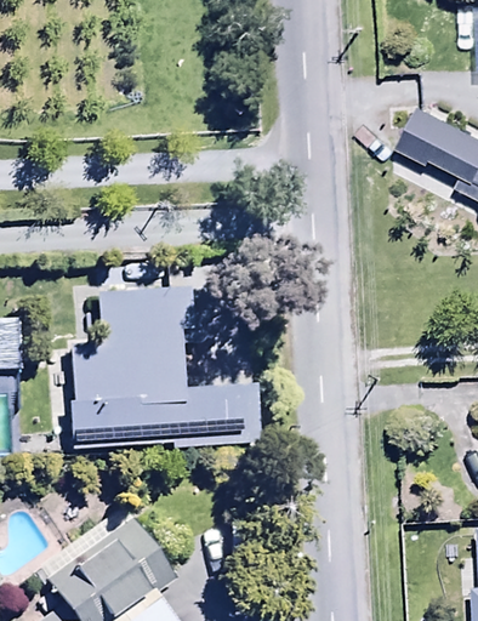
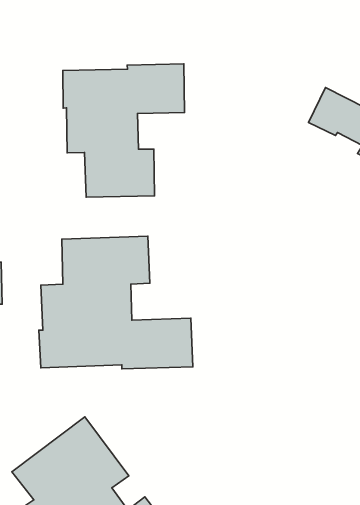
building: none -> [63,64,185,197]

